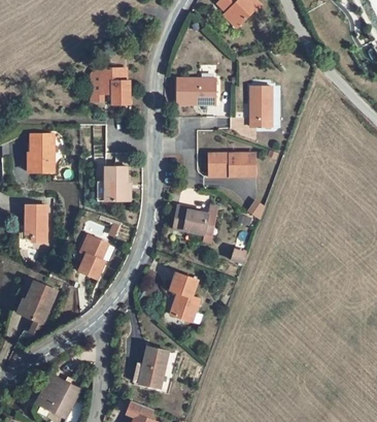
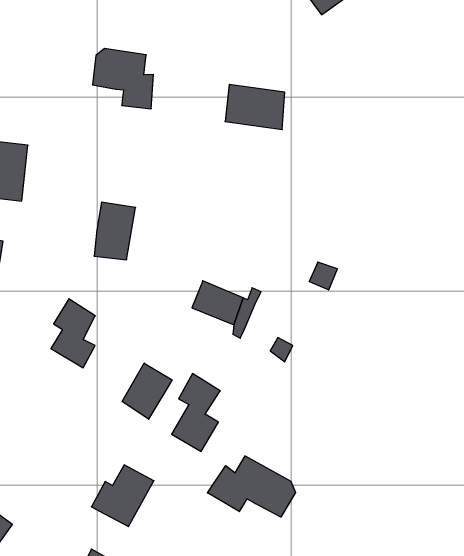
building: [252,88,274,127] -> none
building: [207,158,255,185] -> none
building: none -> [122,363,172,419]
building: none -> [207,456,295,517]

